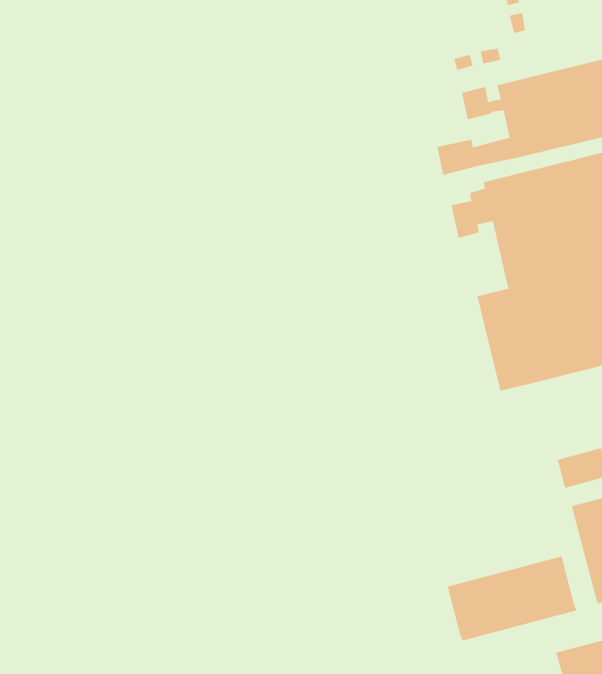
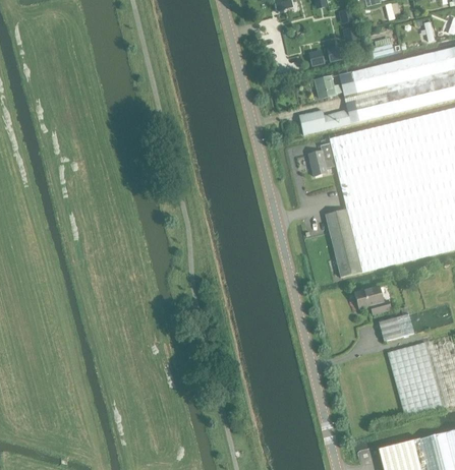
building: none -> [354,286,391,313]
building: [447,556,578,642] -> none

